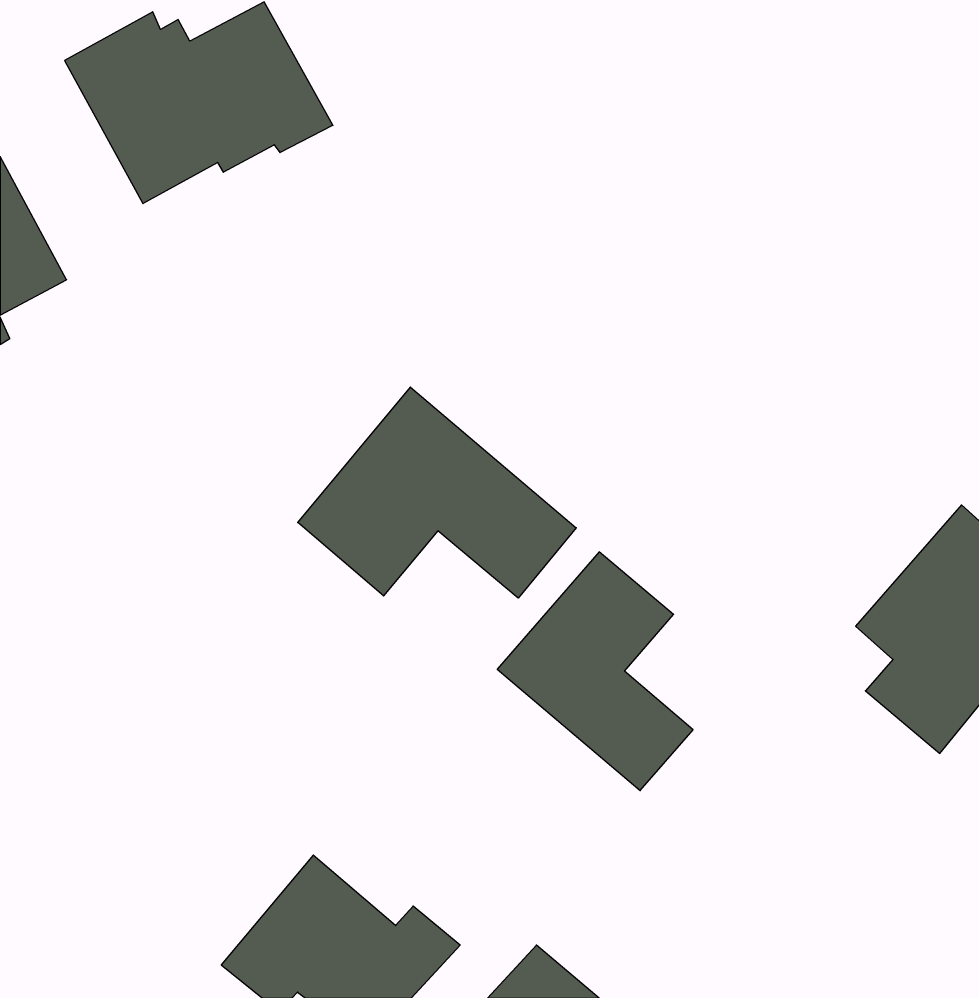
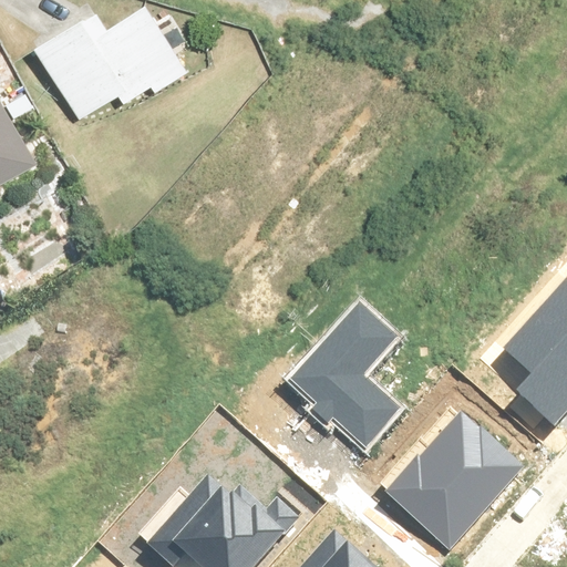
building: [298,387,576,598] -> none
building: none -> [382,416,517,554]

